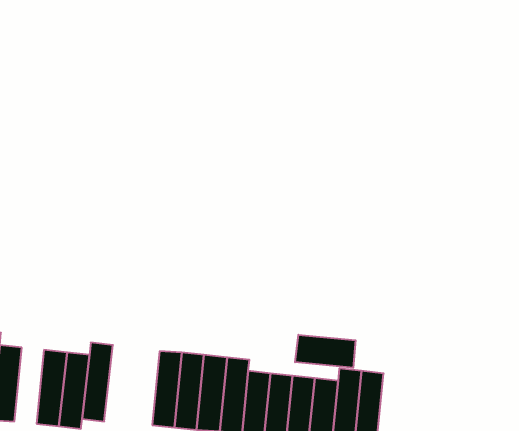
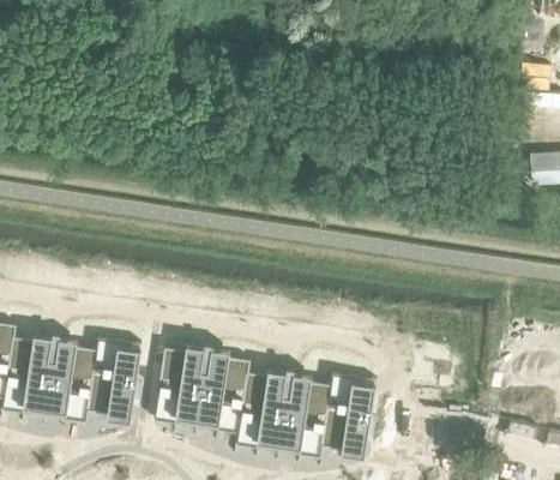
building: [295,335,356,368] -> none
building: none -> [108,348,138,425]
building: none -> [20,350,49,425]

